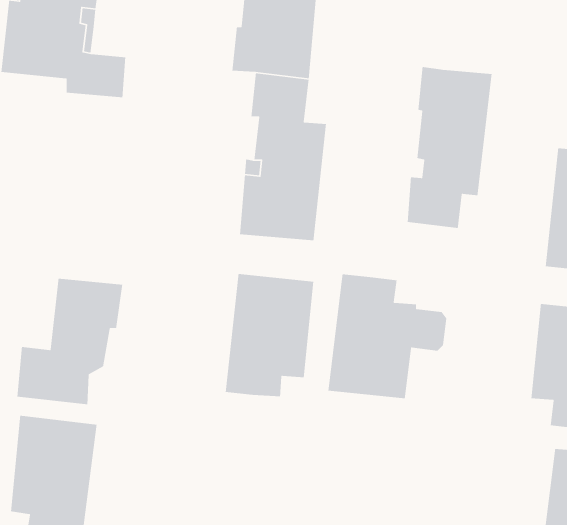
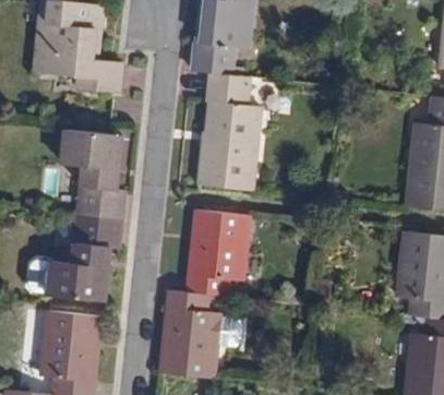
building: [407,66,493,229] -> none
building: none -> [59,130,121,219]
building: [328,273,447,399] -> [158,291,240,378]

